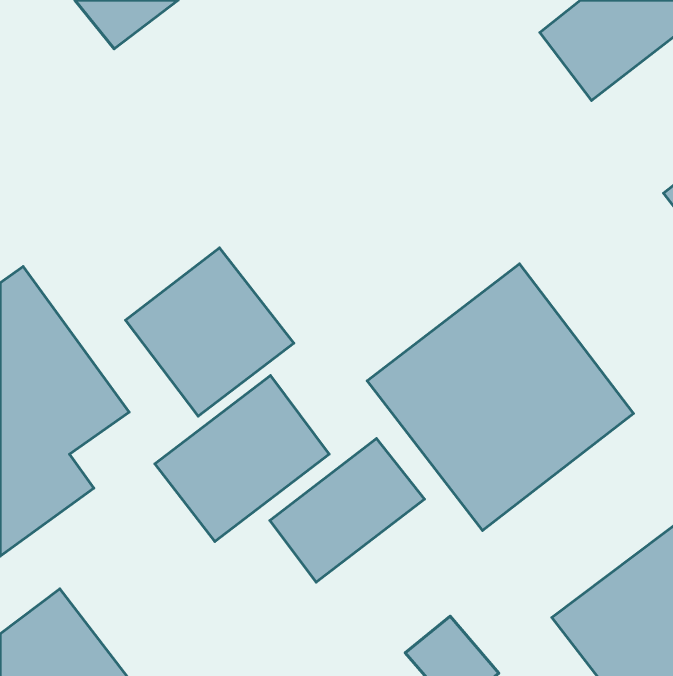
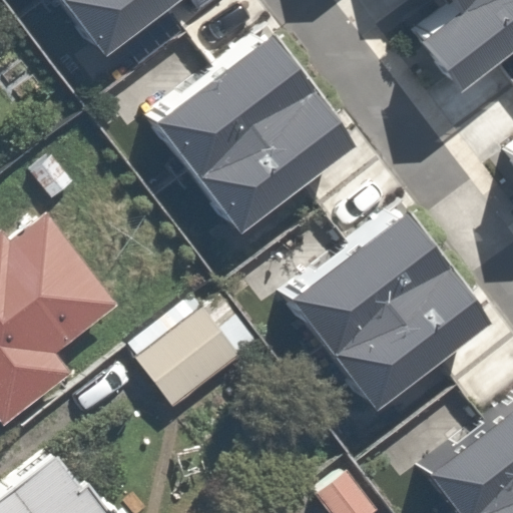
building: none -> [150,32,347,227]
building: [125,248,294,416] -> none
building: [270,438,425,582] -> none

